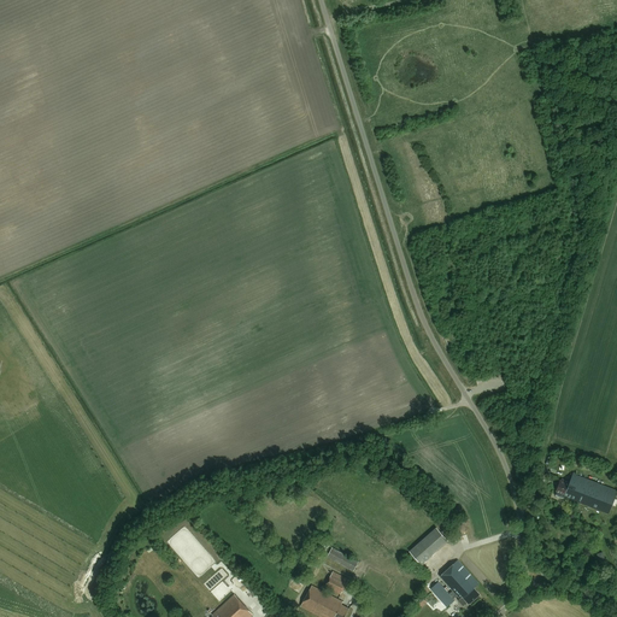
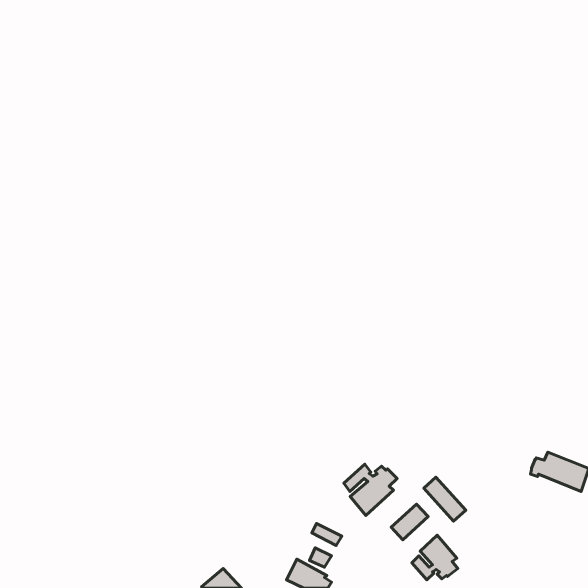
building: none -> [344,464,397,516]
building: none -> [424,477,466,521]

